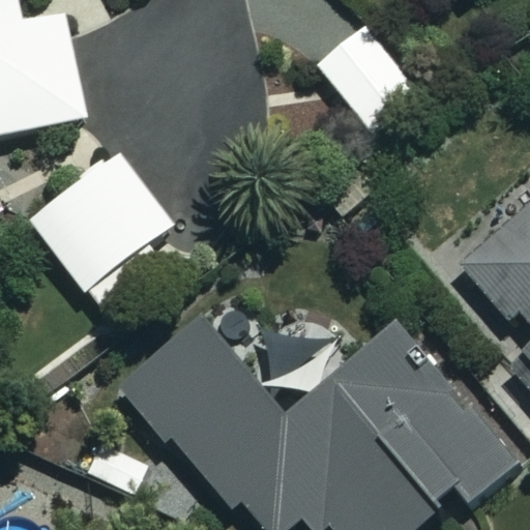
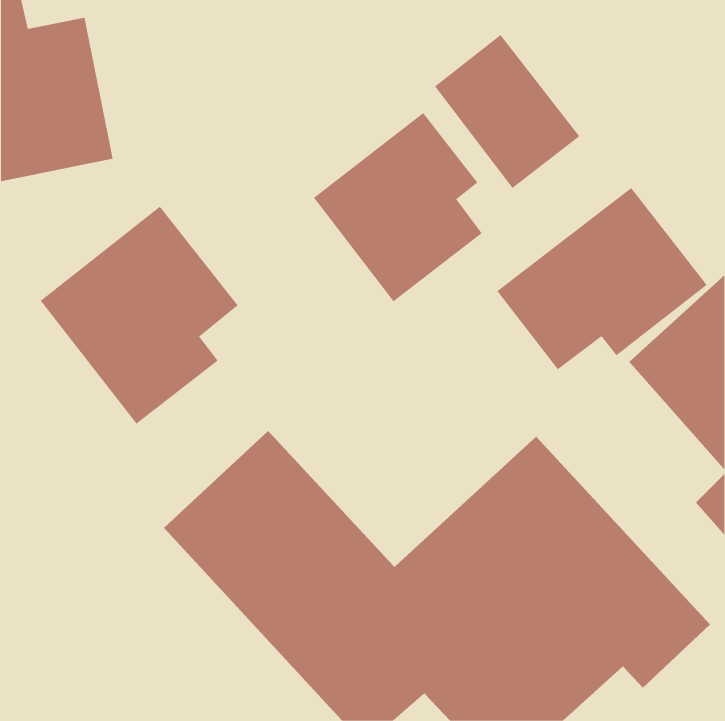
building: none -> [313,112,482,302]
building: none -> [497,187,707,370]

